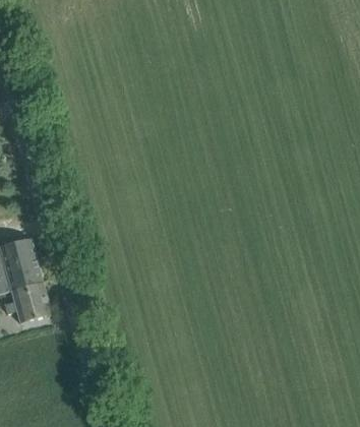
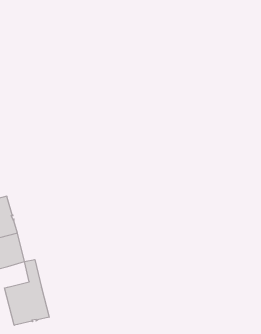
building: none -> [5,260,49,325]

